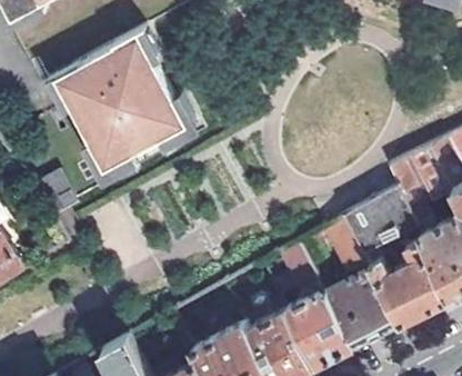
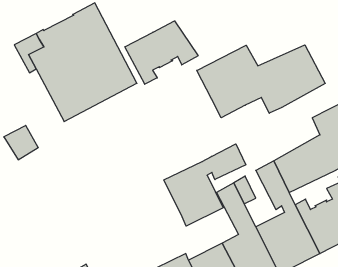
building: none -> [125,21,198,84]
building: none -> [197,45,325,118]
building: none -> [164,144,246,226]

